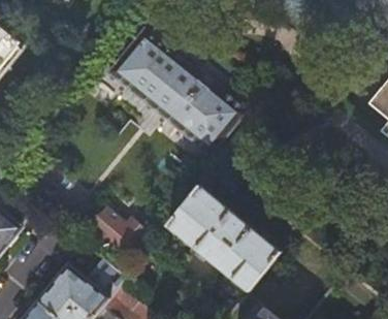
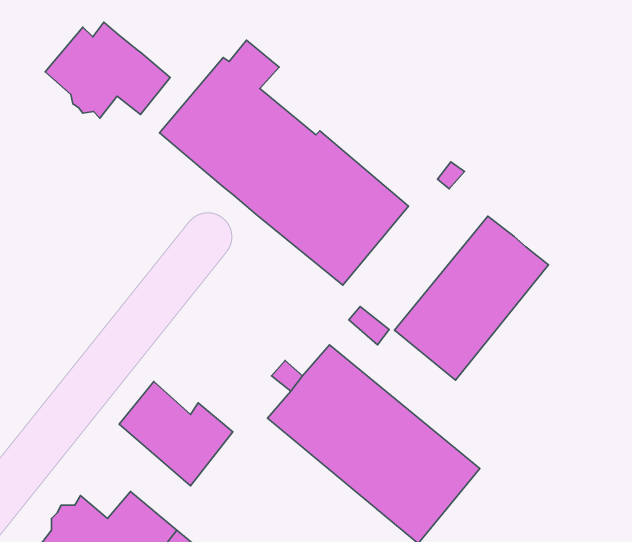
building: none -> [45,22,170,118]
building: none -> [394,216,549,380]

